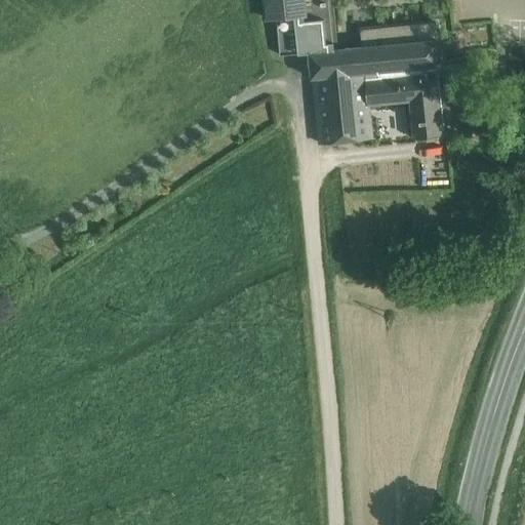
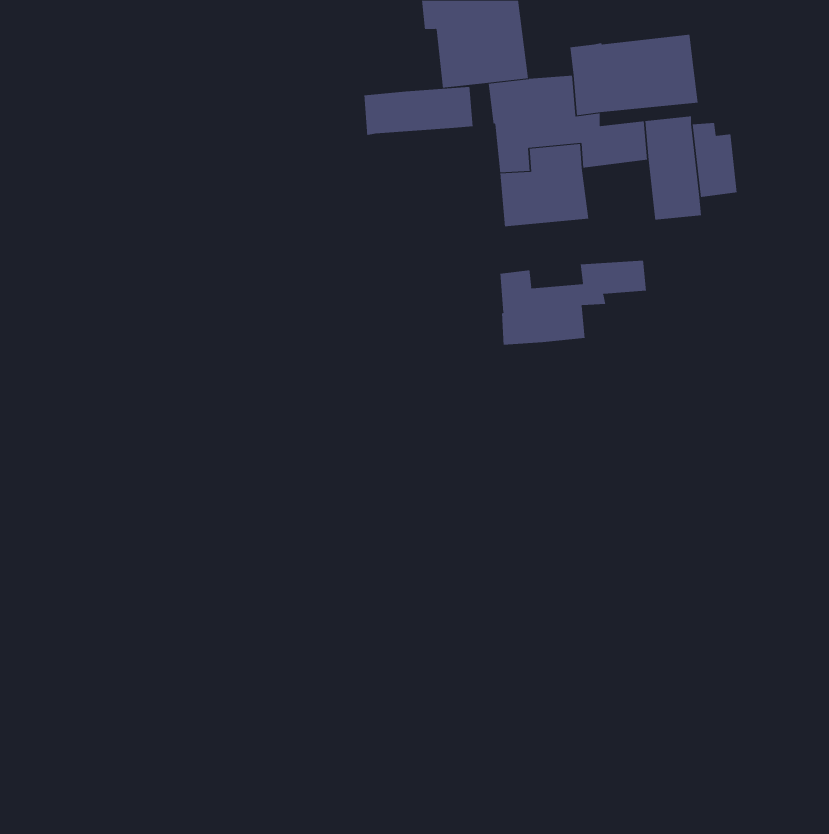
building: none -> [364,86,473,136]
building: none -> [500,260,647,346]

